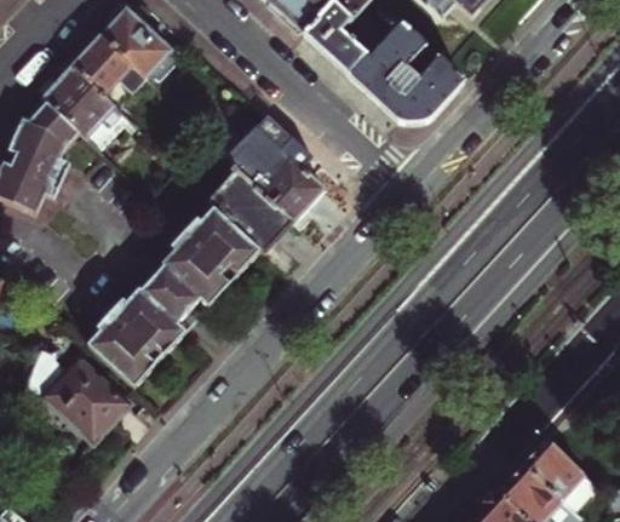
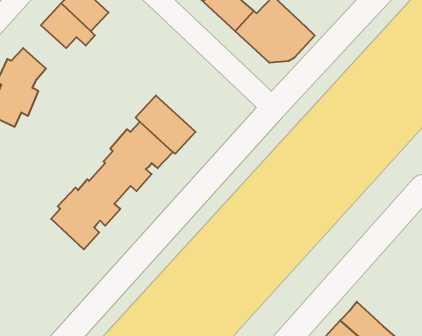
building: [42,68,126,149] -> none
building: [223,114,321,220] -> none
building: [27,349,127,441] -> none
building: [523,436,596,499] -> none

